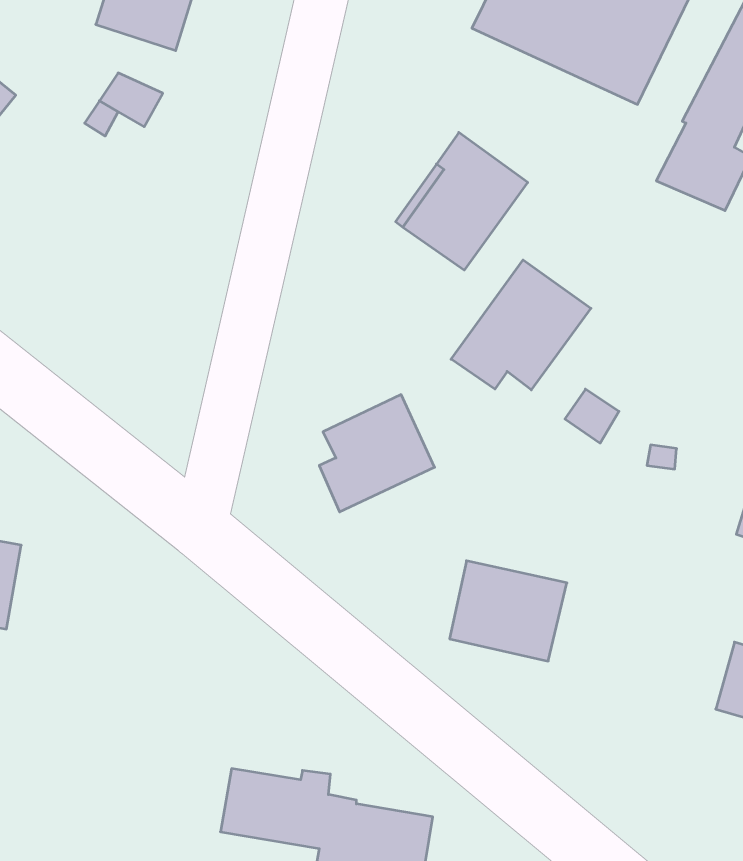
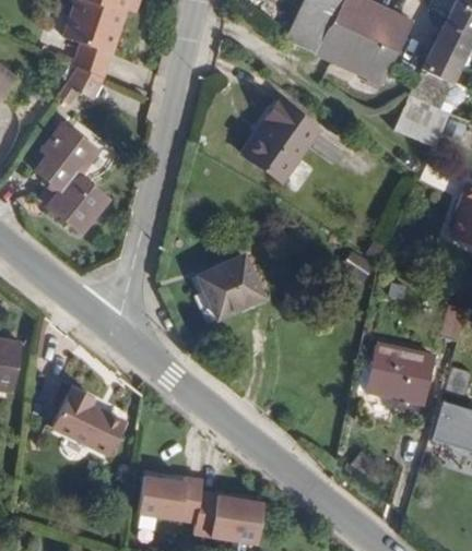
building: none -> [32,122,108,232]
building: [451,260,591,390] -> none
building: [450,561,567,661] -> [366,344,435,403]
building: none -> [52,386,125,454]

